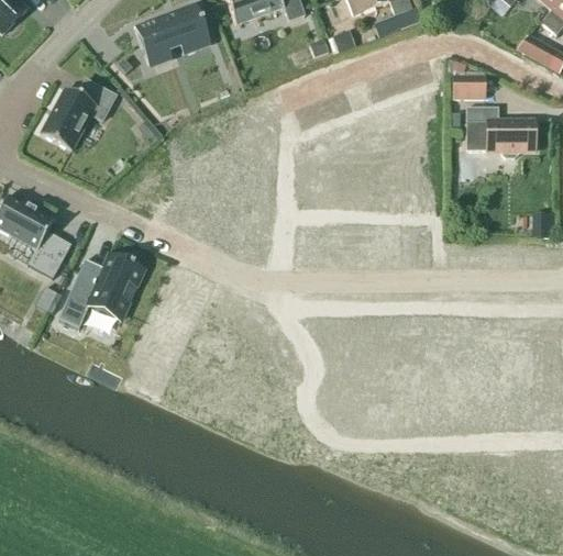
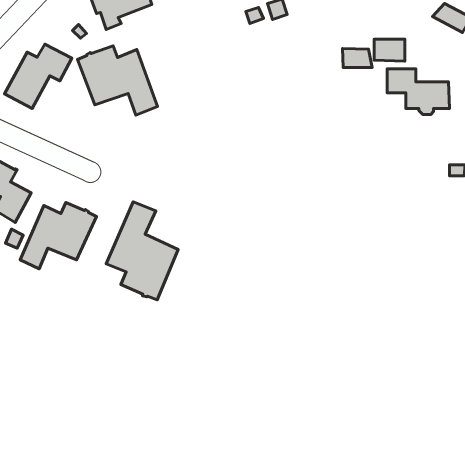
building: none -> [77,46,158,115]
building: none -> [343,49,372,68]
building: none -> [106,202,178,300]

